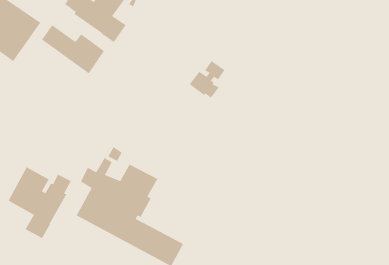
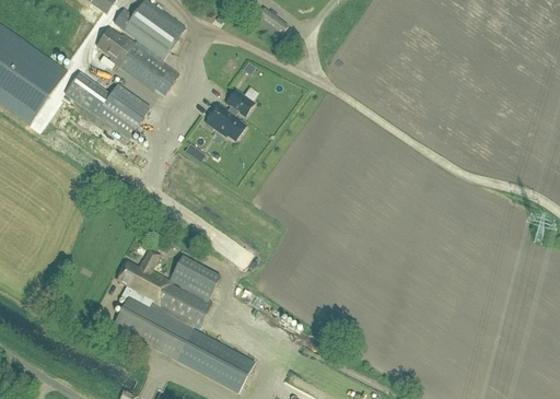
building: [189,60,225,98] -> [203,89,252,139]
building: [8,166,71,239] -> none

